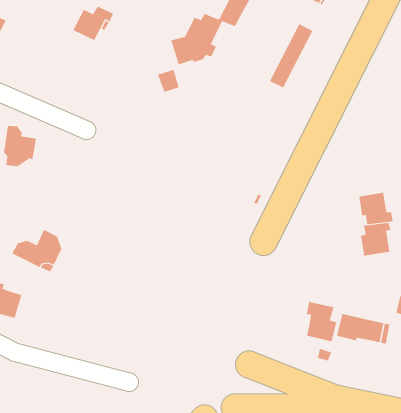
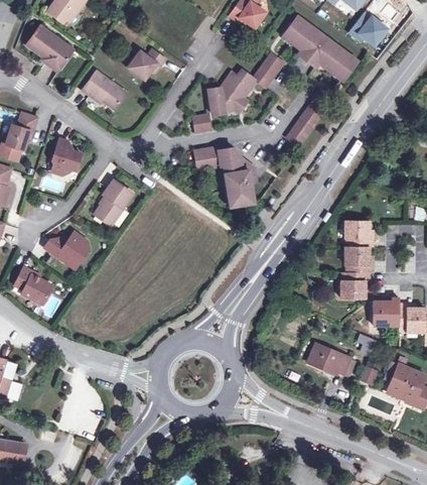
building: none -> [82,71,122,108]
building: none -> [194,147,255,206]
building: none -> [94,178,132,225]
building: none -> [345,222,372,247]
building: [306,301,337,342] -> none

